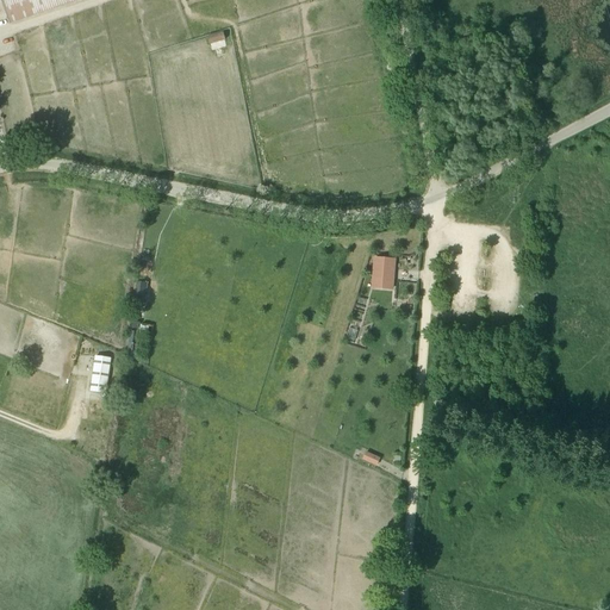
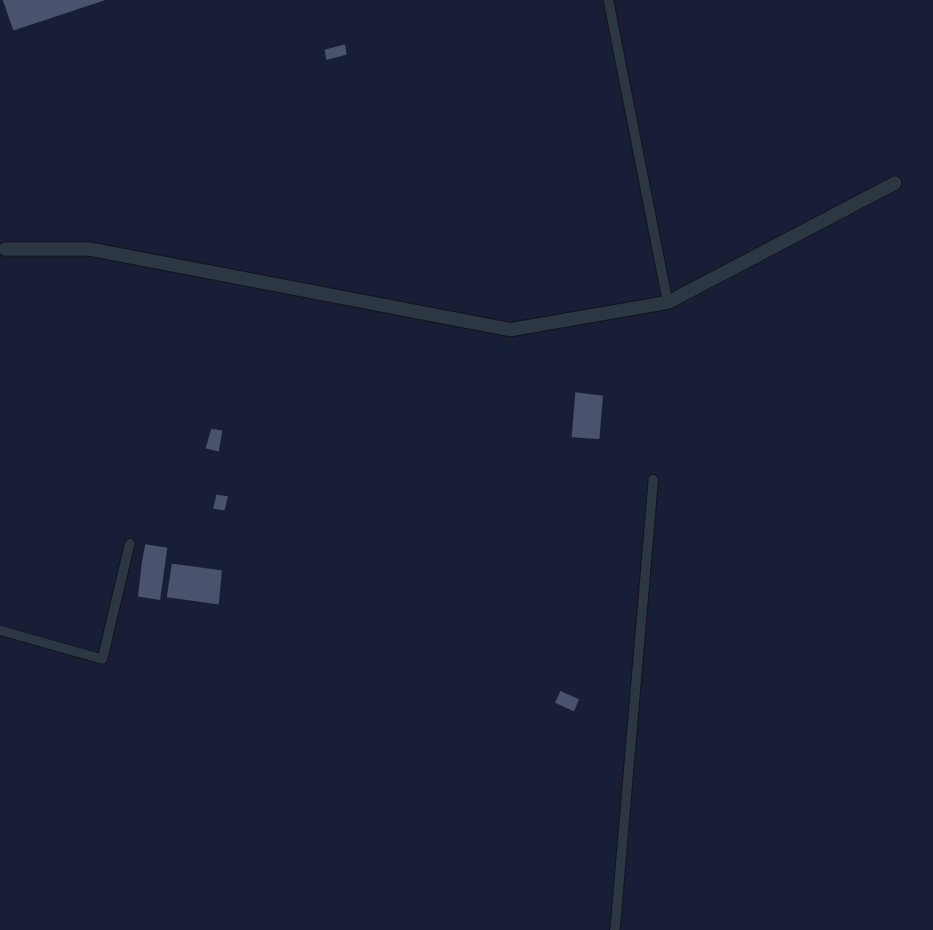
building: none -> [166,563,222,605]

